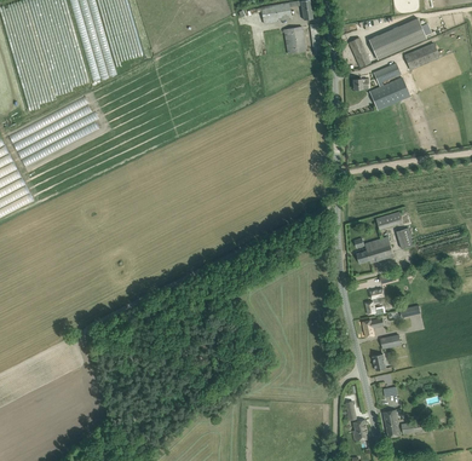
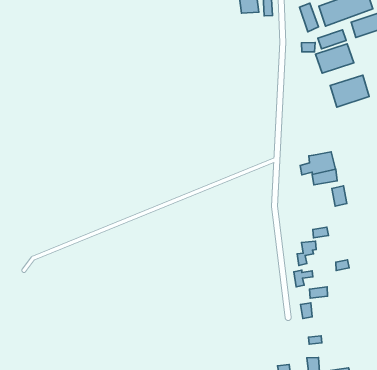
building: none -> [330,75,369,107]
building: [357,237,395,264] -> [300,152,335,175]

